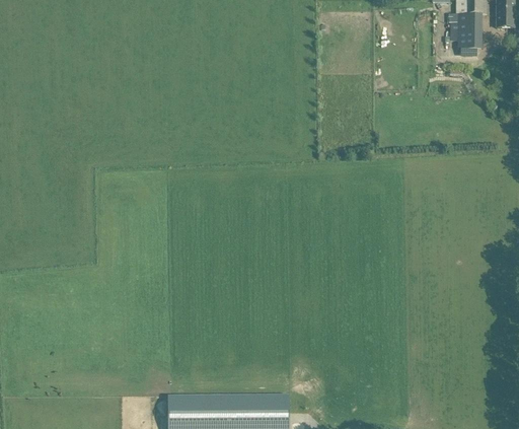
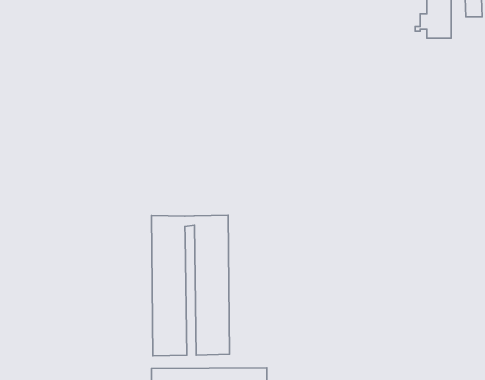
building: none -> [152,215,229,356]

